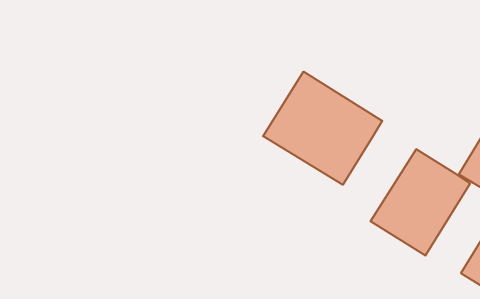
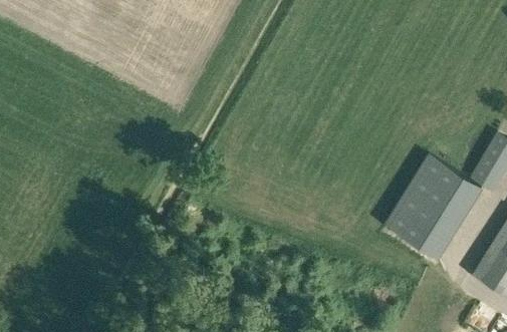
building: [263,72,382,185] -> none

